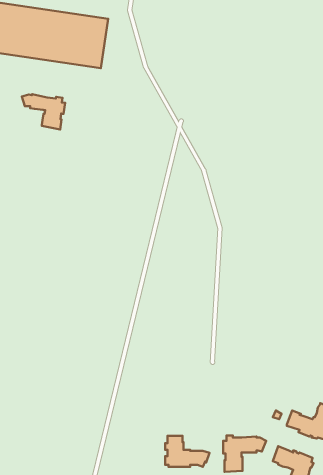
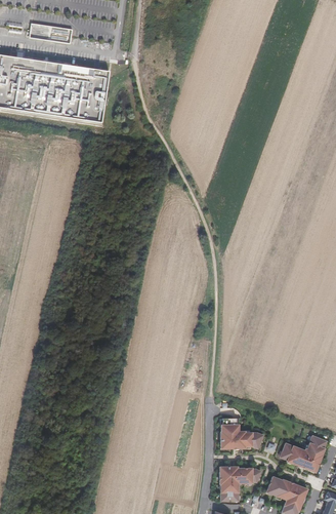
building: [22,94,65,130] -> none
building: [165,436,209,467] -> [220,418,262,447]

